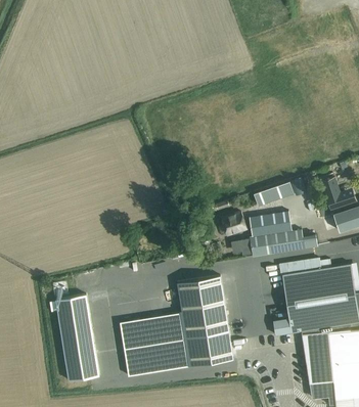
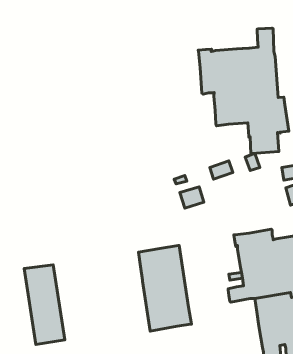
building: none -> [198,28,289,154]
building: [240,211,318,257] -> none
building: [120,313,190,376] -> none

